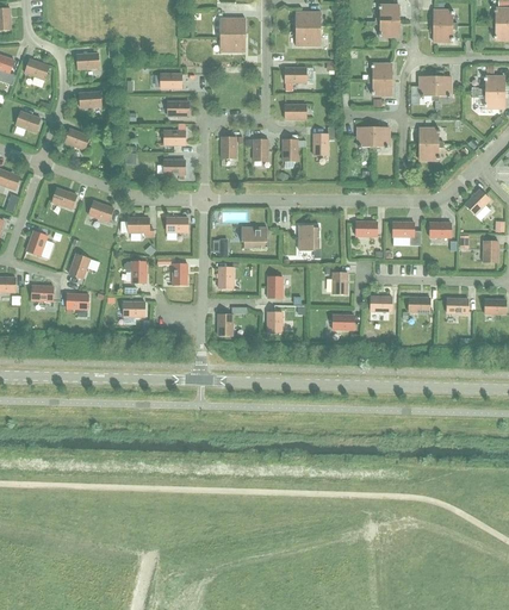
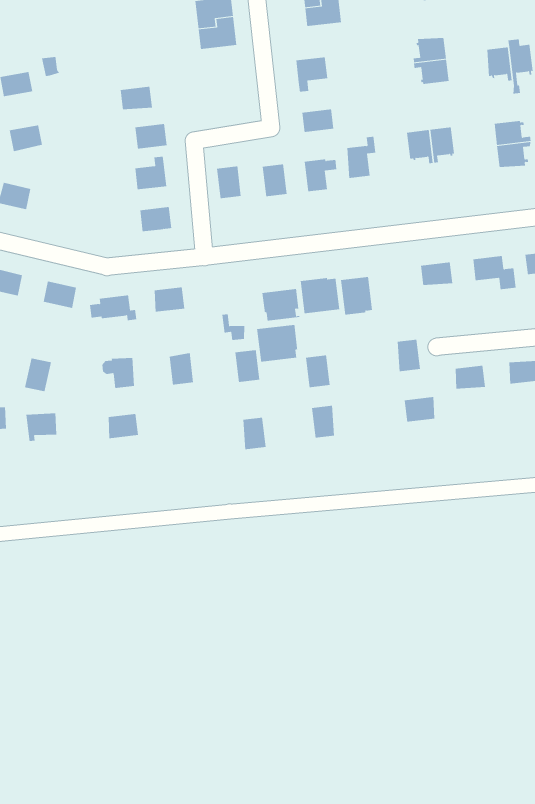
building: none -> [300,277,340,314]
building: none -> [257,324,298,363]

